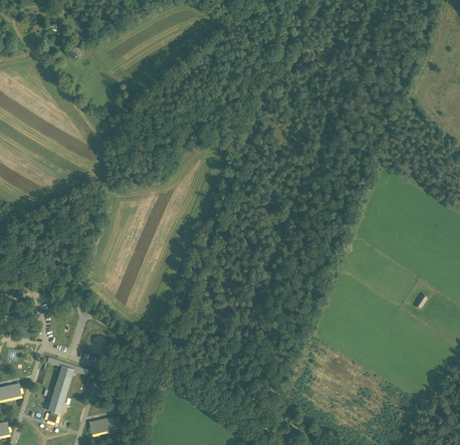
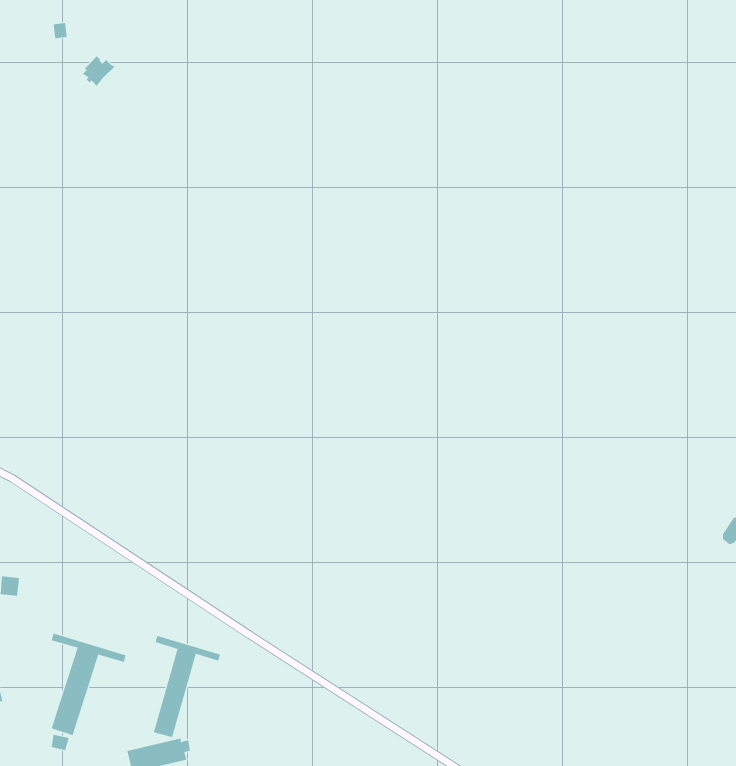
building: none -> [153,635,221,738]

